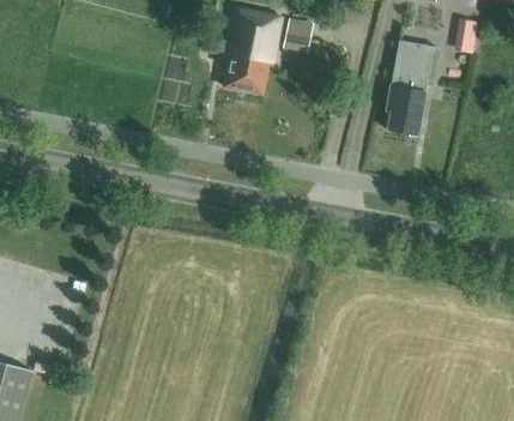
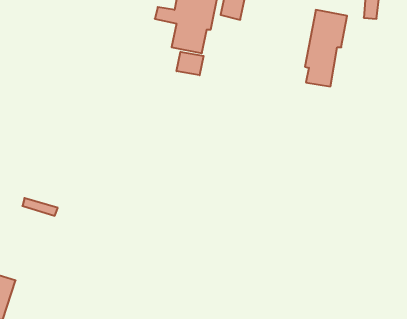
building: none -> [177,52,204,75]

